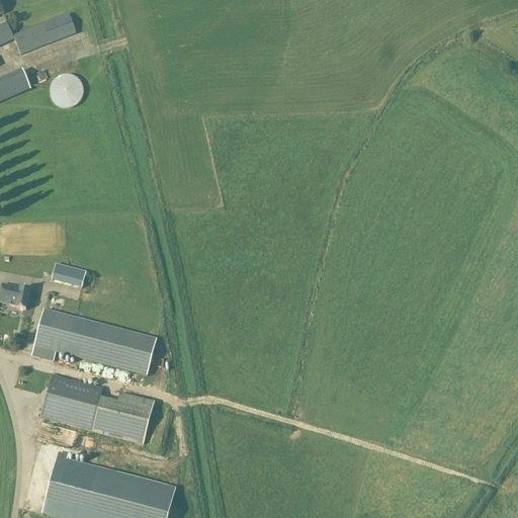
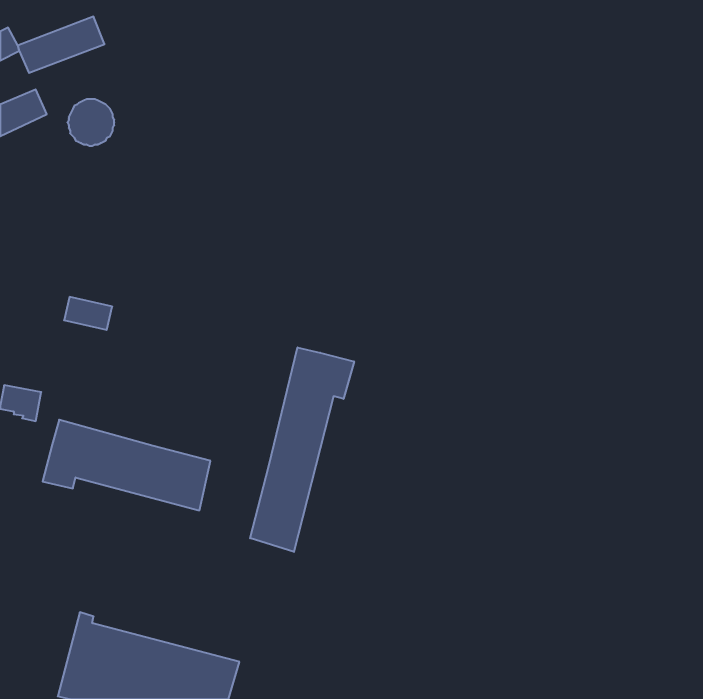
building: none -> [250,347,354,552]
building: [53,262,88,286] -> [64,297,112,330]
building: [41,375,154,443] -> none

